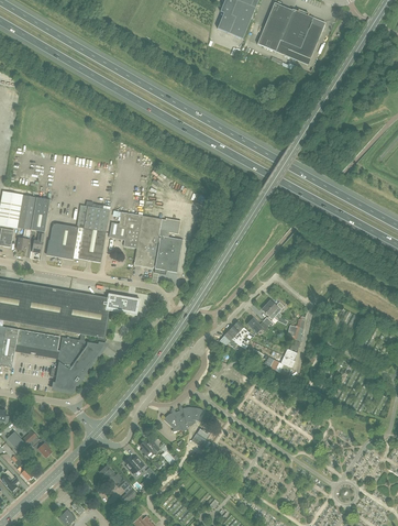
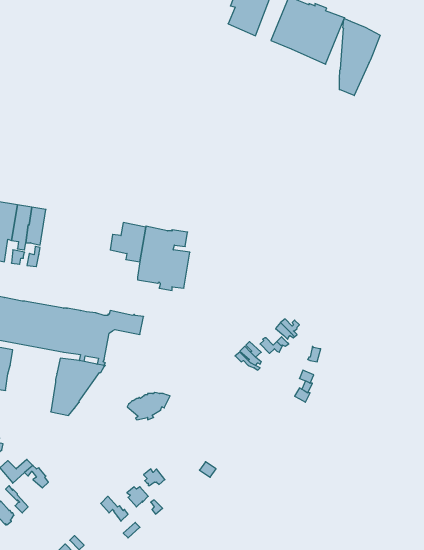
building: none -> [339,18,380,96]
building: [46,204,109,262] -> none
building: [13,329,59,359] -> none
building: [163,406,202,431] -> [127,392,170,420]

